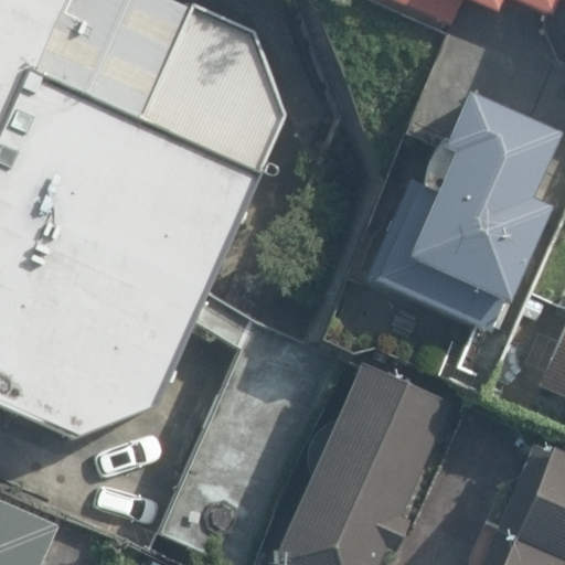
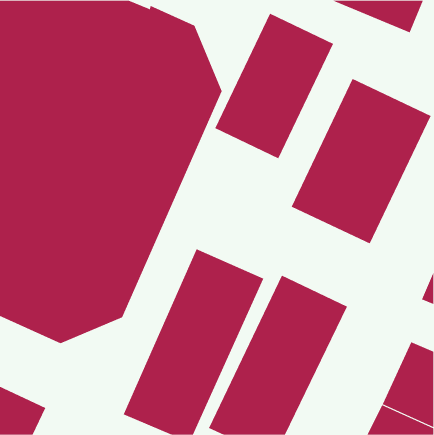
building: none -> [215,13,334,159]

